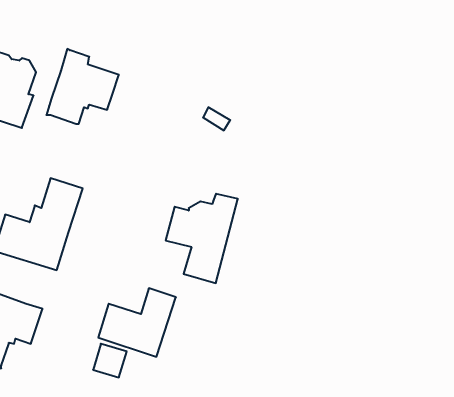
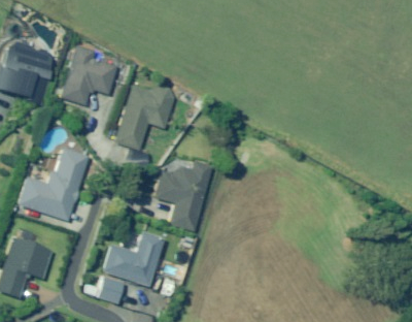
building: none -> [114,84,174,148]

